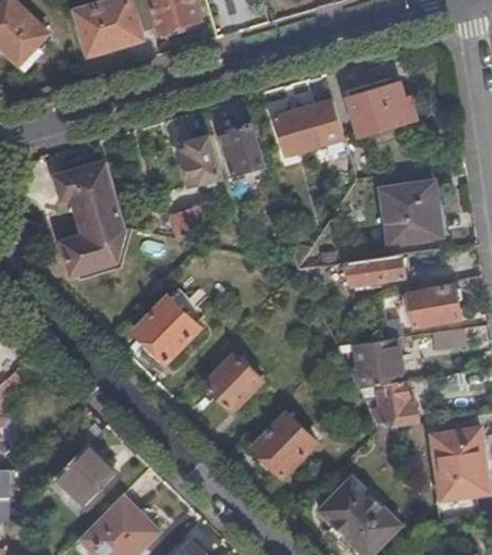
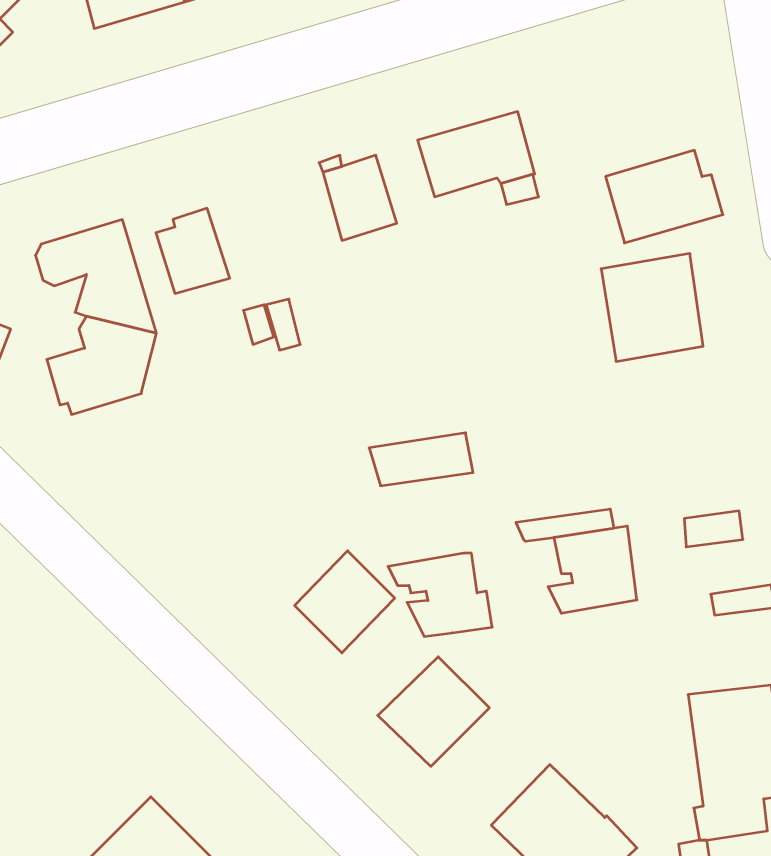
building: [347,83,415,136] -> [606,150,723,243]
building: [180,137,222,186] -> [156,208,230,293]
building: [346,255,406,285] -> [369,433,473,486]
building: [410,285,460,326] -> none
building: [134,297,199,362] -> none
building: [358,381,418,429] -> [388,553,492,636]
building: [57,443,119,505] -> none

